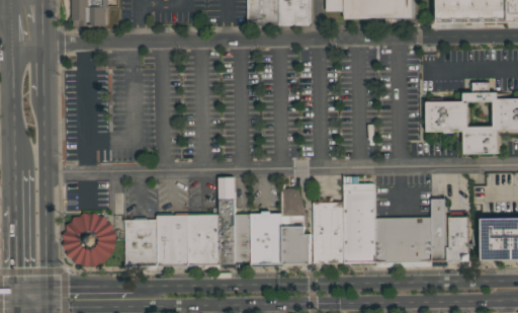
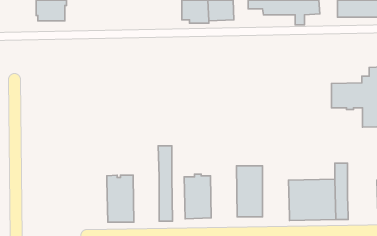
building: [343,175,376,262] -> none
building: [281,187,312,263] -> none
building: [64,213,115,264] -> none
building: [188,214,220,268] -> none
building: [235,214,251,267] -> none
building: [124,217,158,269] -> none
building: [446,217,469,263] -> none

